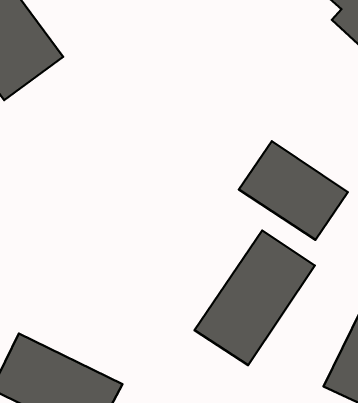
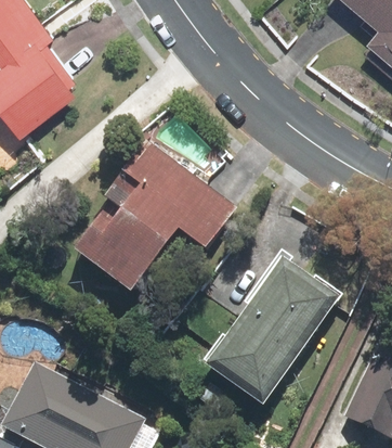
building: none -> [83,150,233,284]
building: [239,141,348,240] -> none

